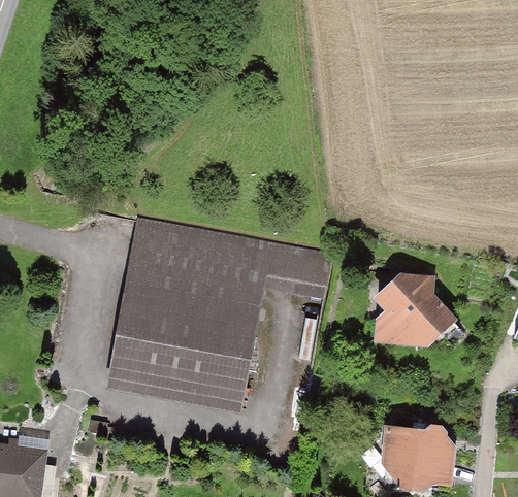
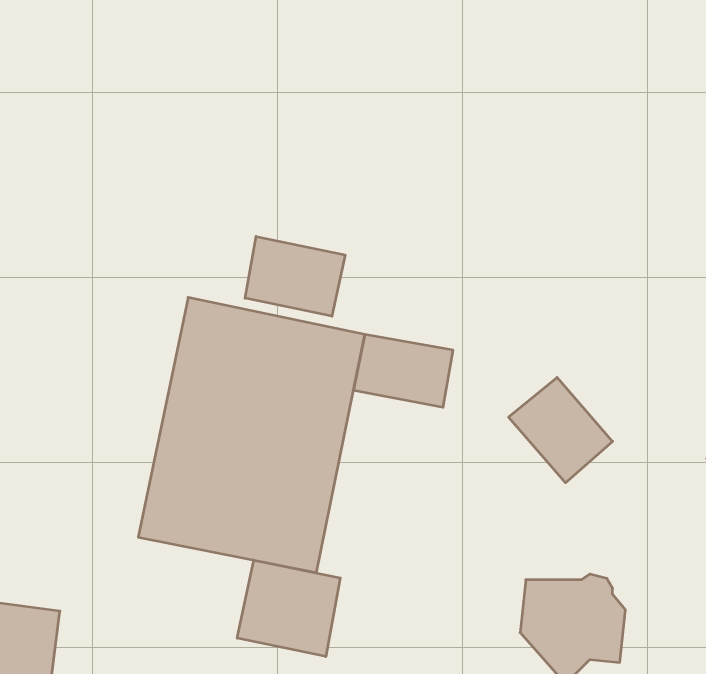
building: none -> [245,236,345,316]
building: none -> [237,560,340,657]

